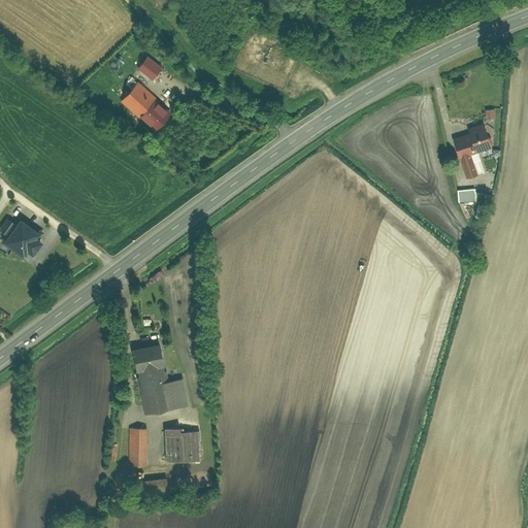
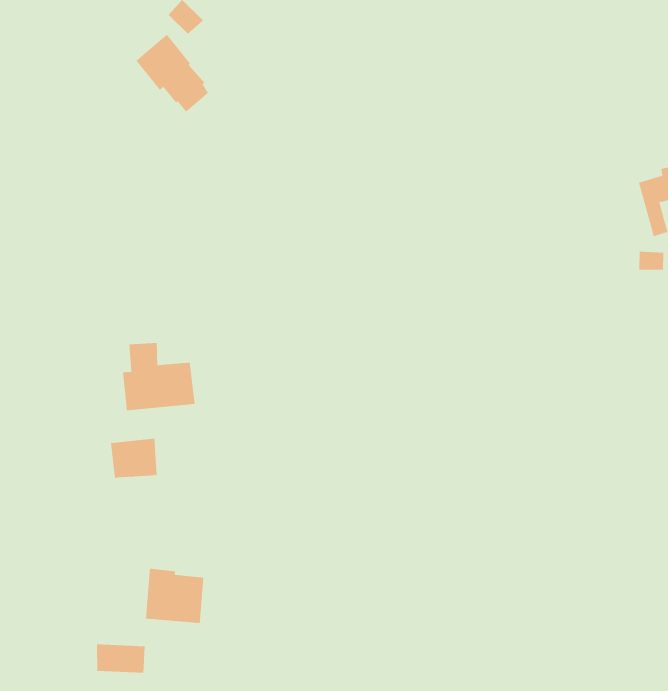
building: [139,369,189,416] -> [122,343,195,411]
building: [129,429,147,467] -> none

